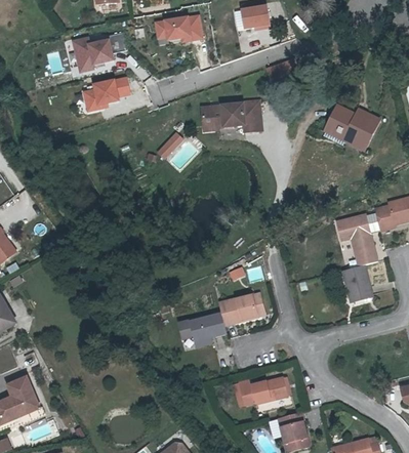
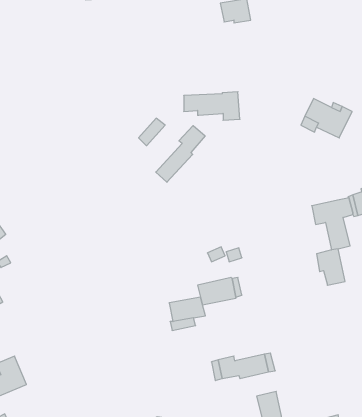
building: [155,12,204,42] -> none
building: [72,32,126,73] -> none
building: [82,76,131,112] -> none
building: none -> [156,126,205,182]

